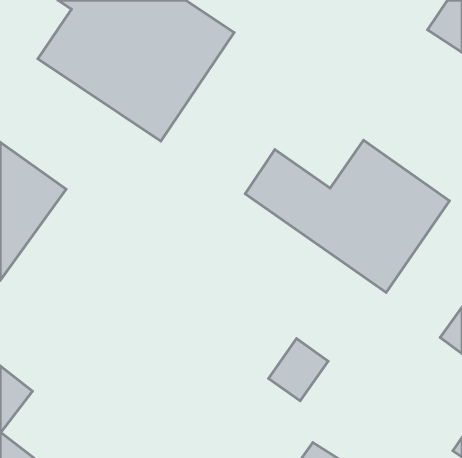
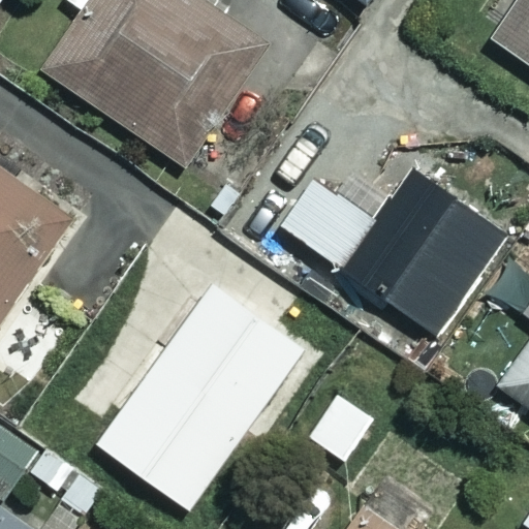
building: none -> [97,283,302,507]

